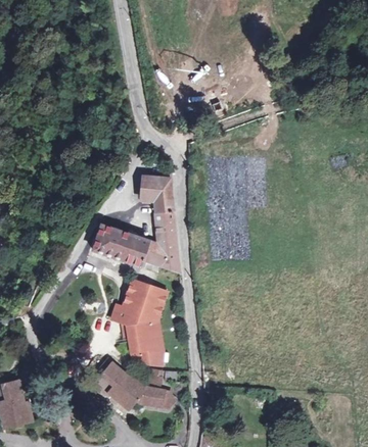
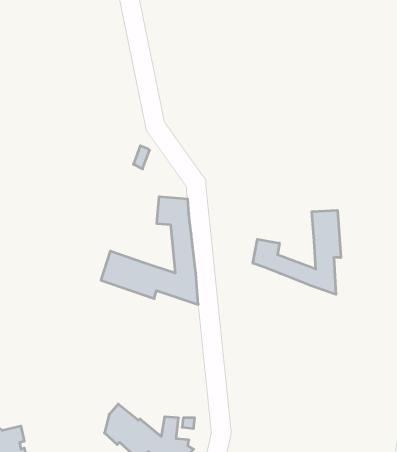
building: none -> [253,210,341,294]
building: [112,280,168,365] -> none

